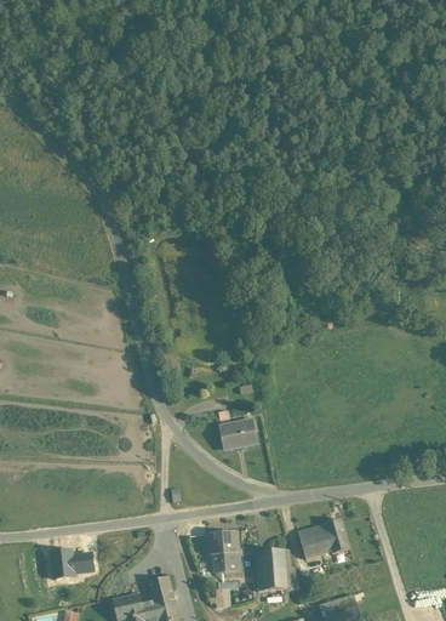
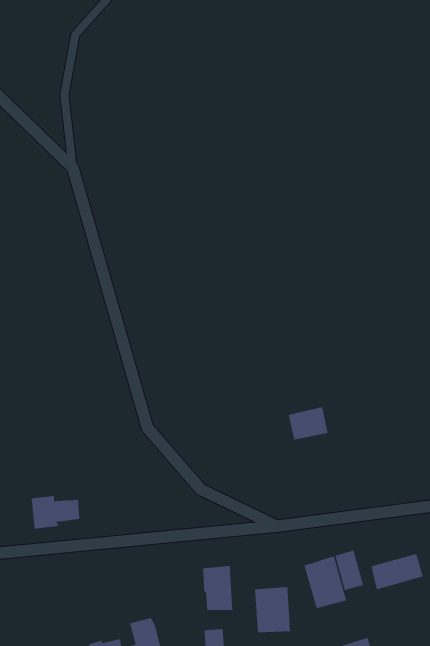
building: [221,420,256,449] -> [288,407,329,440]
building: none -> [371,553,423,590]
building: [51,549,93,579] -> [31,495,80,529]

